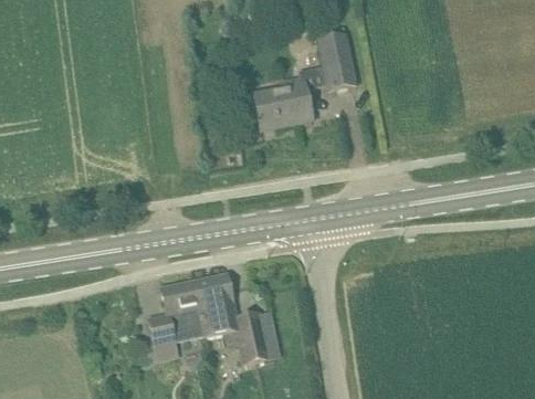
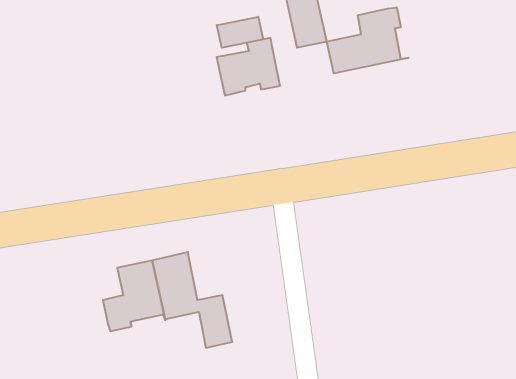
building: none -> [327,7,409,73]
building: none -> [217,17,263,48]

